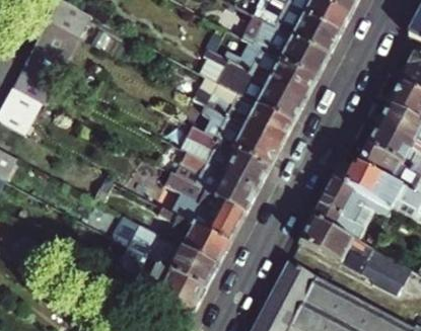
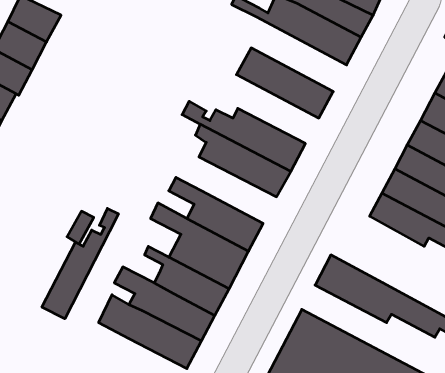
building: [204,14,327,79] -> none
building: [205,34,303,122] -> none
building: [182,126,268,189] -> none
building: none -> [42,208,118,319]
building: [313,177,392,239] -> none

